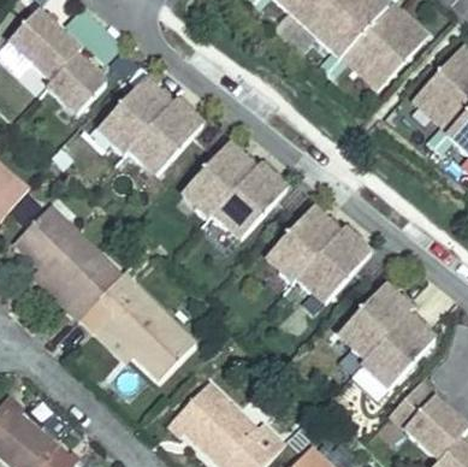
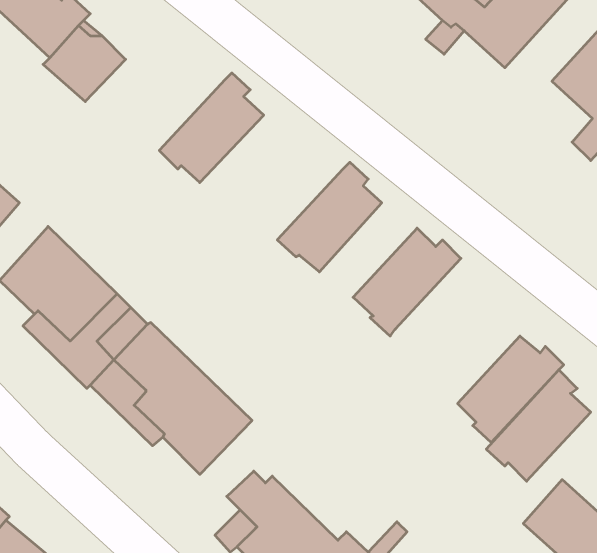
building: [100,78,176,154] -> none
building: [184,142,260,218] -> none
building: [297,221,371,300] -> none

